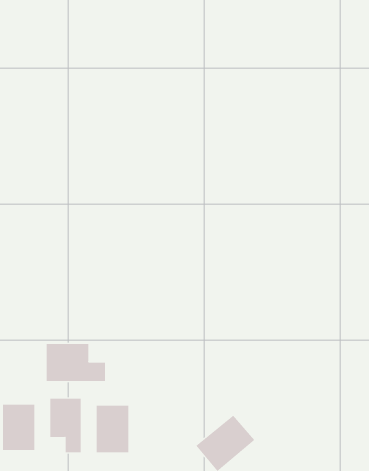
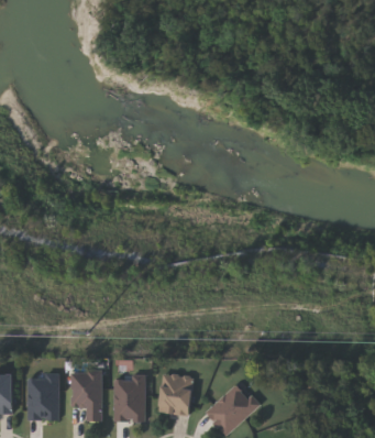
building: [46,343,105,382] -> none
building: none -> [158,373,194,414]

